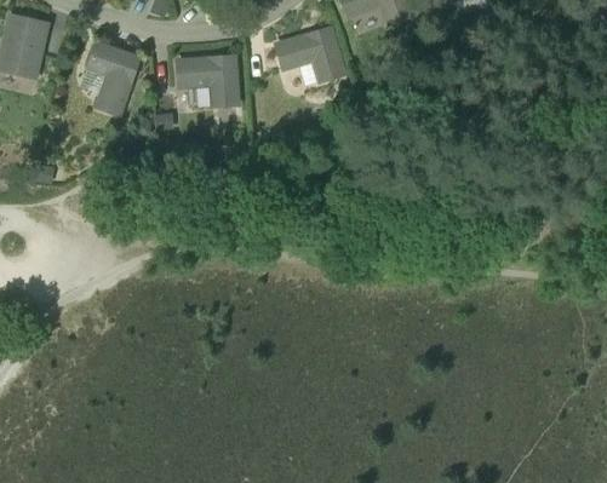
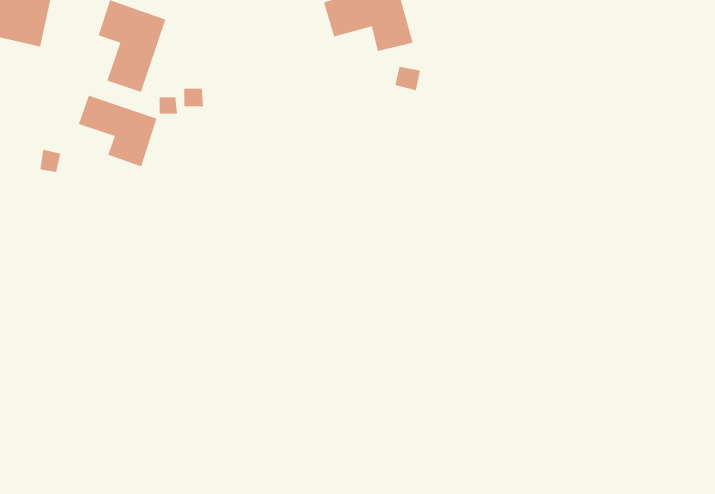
building: [173,53,240,108] -> none
building: none -> [78,95,157,167]

